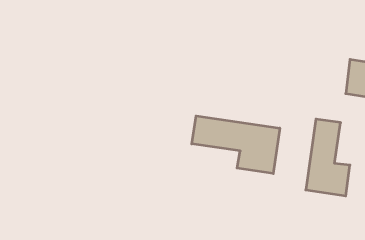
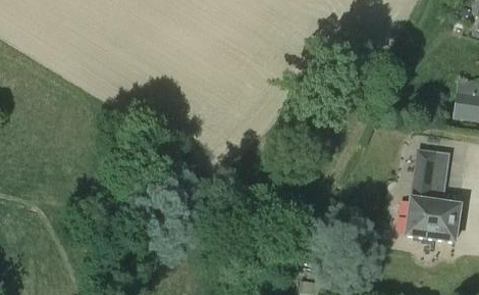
building: [192,116,280,174] -> none

